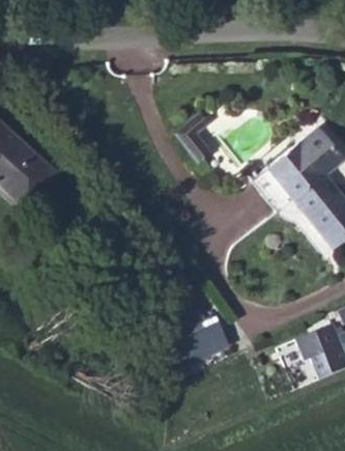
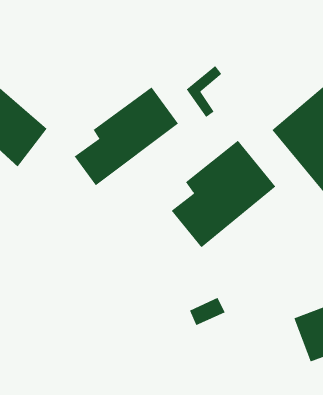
building: none -> [74,87,179,186]
building: none -> [171,140,276,248]

